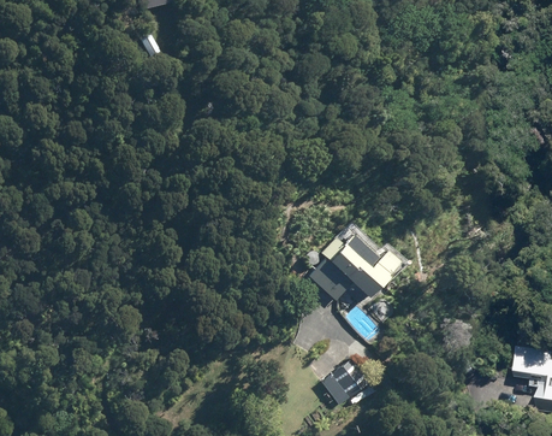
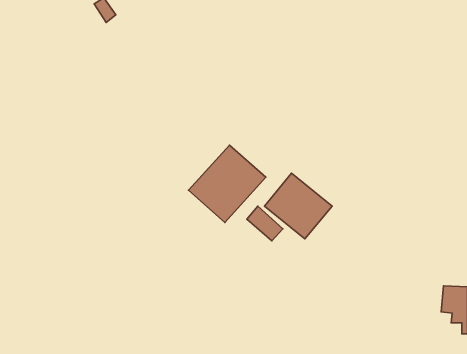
building: none -> [189,145,266,222]
building: [320,359,368,405] -> none

